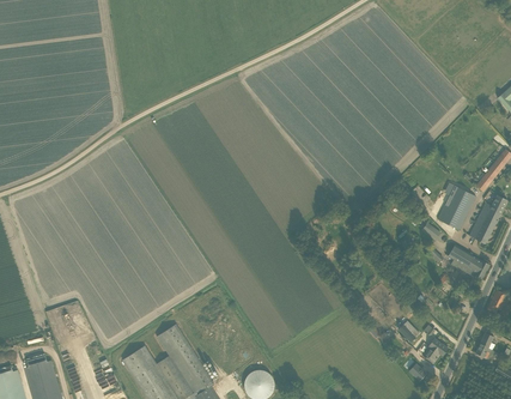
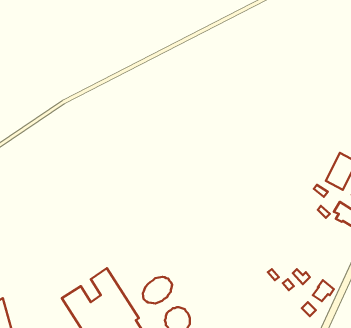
building: none -> [143,277,172,303]

